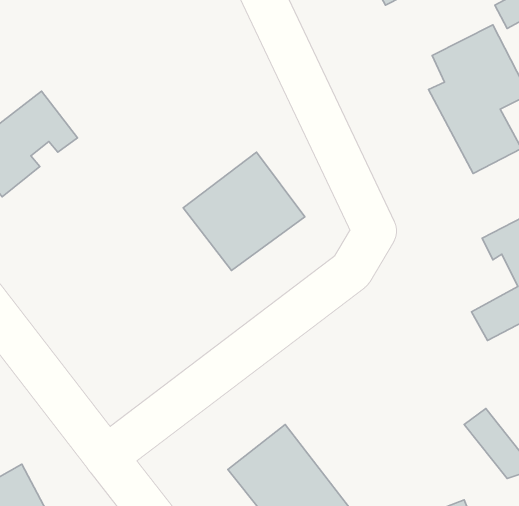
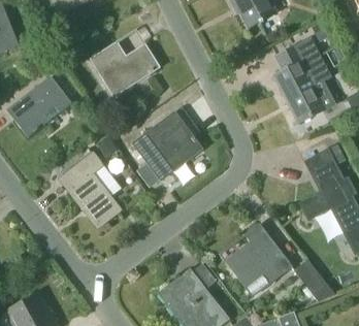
building: none -> [90,40,161,97]
building: none -> [64,153,121,228]
building: none -> [225,224,292,288]

